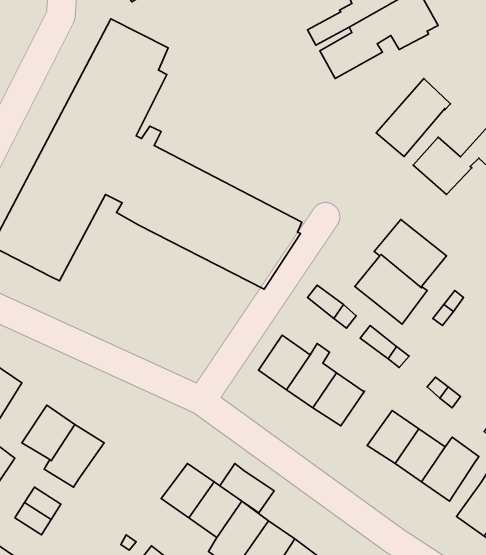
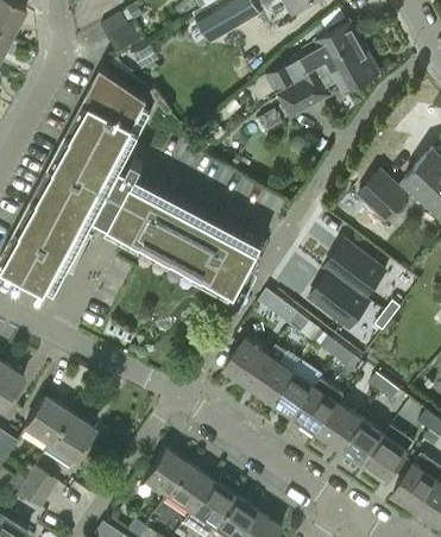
building: [376,78,451,156] -> none
building: none -> [296,377,344,431]
building: [220,464,274,513] -> none

